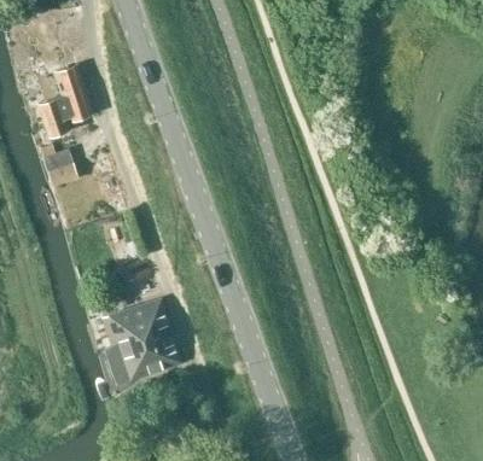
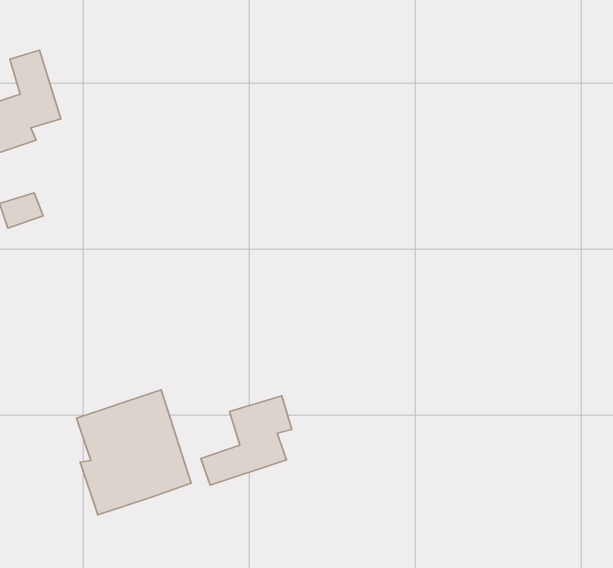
building: none -> [201,396,292,485]

